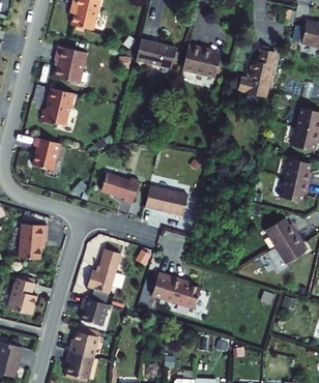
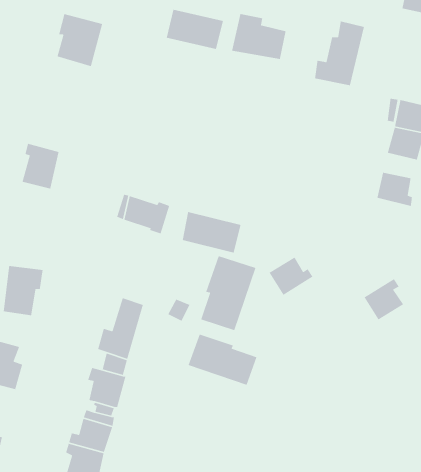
building: [42,88,77,125] -> none
building: [281,177,310,202] -> none
building: none -> [200,255,256,331]
building: [265,219,297,247] -> [269,257,314,296]

